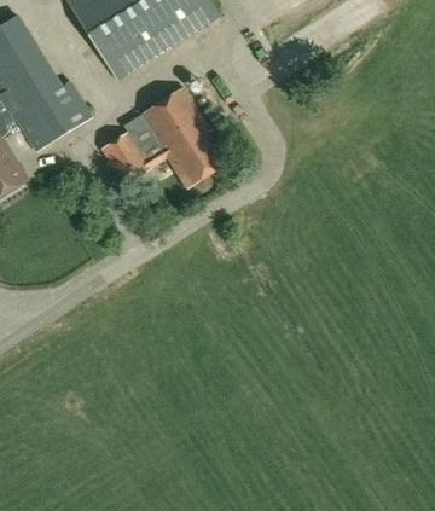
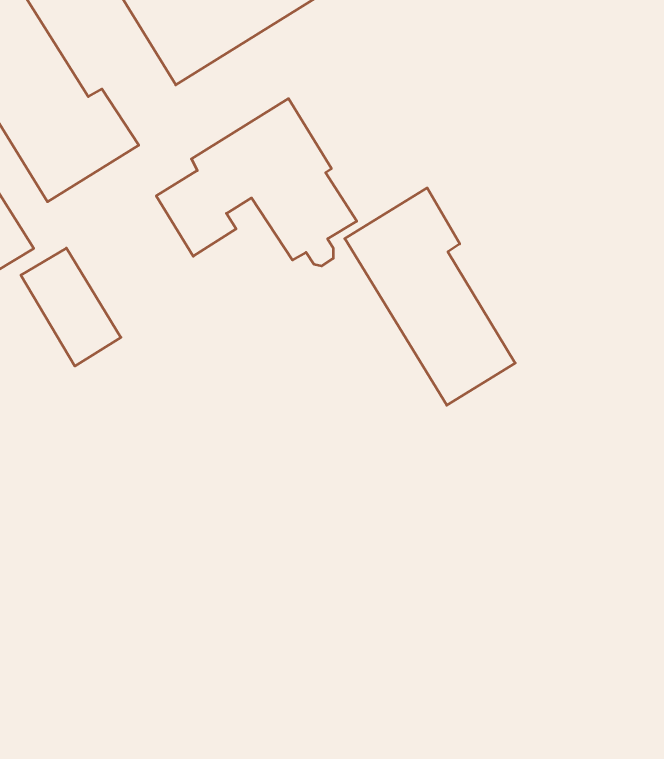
building: none -> [345,188,515,405]
building: none -> [21,248,121,366]

